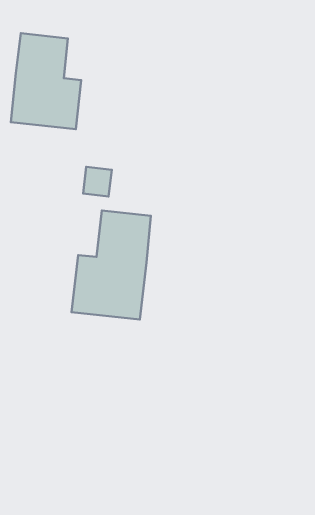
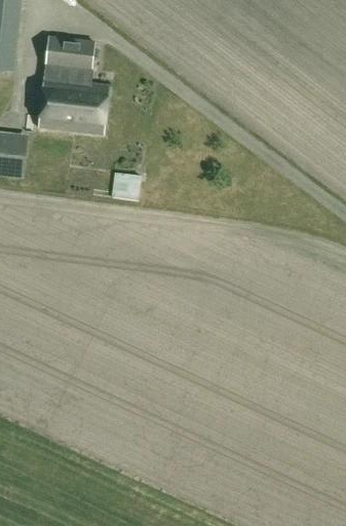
building: [72,211,151,320] -> none

